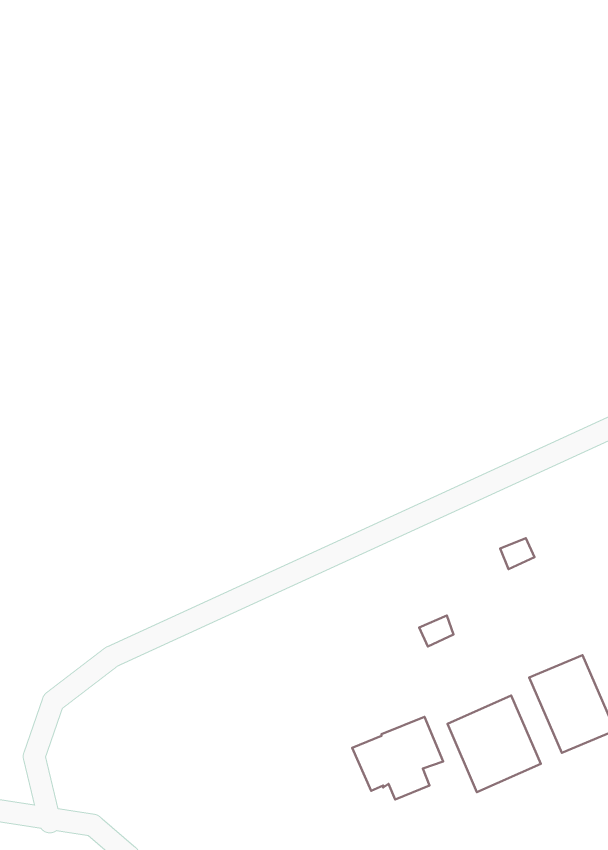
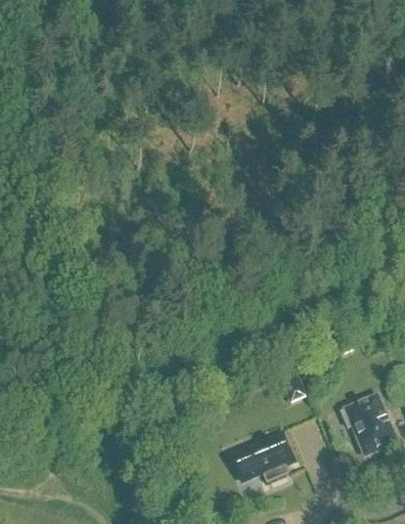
building: [447,696,541,792] -> none

